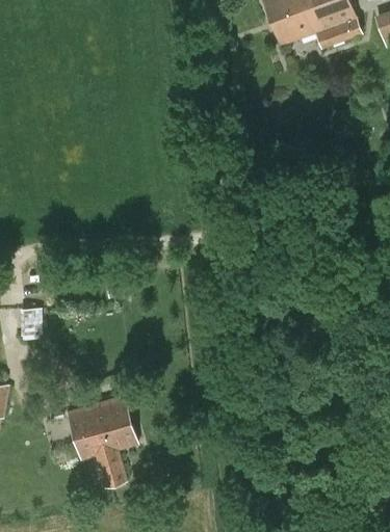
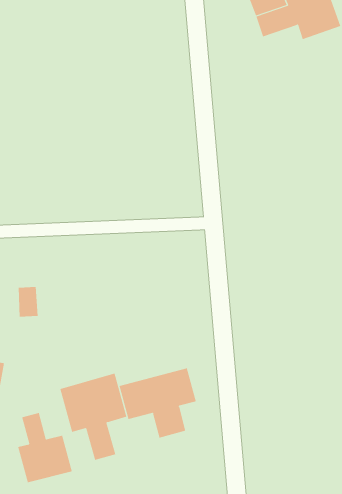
building: none -> [119,367,196,439]
building: none -> [18,412,72,483]

